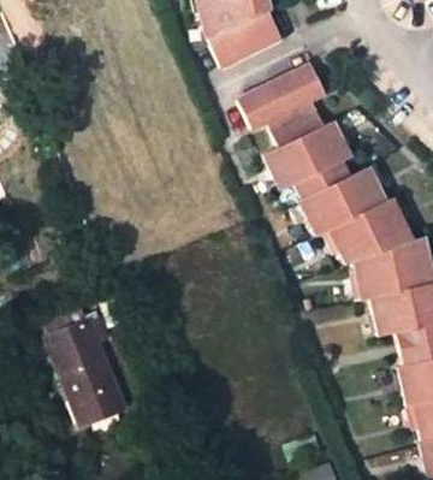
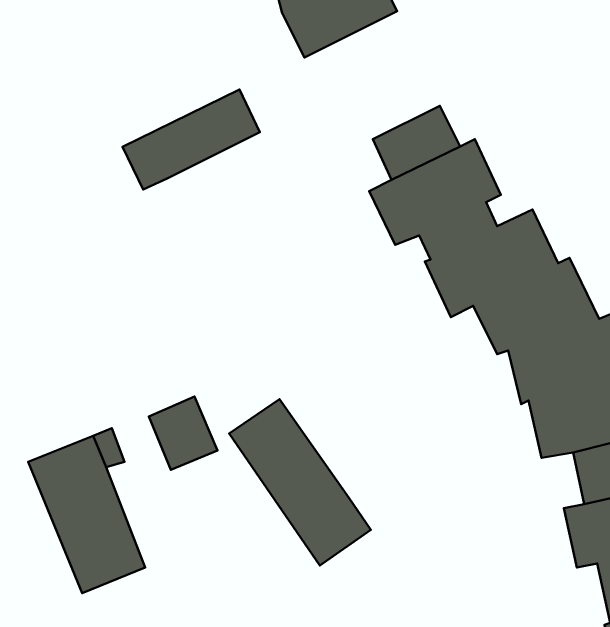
building: [238,65,327,130] -> [123,90,260,190]
building: none -> [149,397,217,470]
building: none -> [229,399,371,566]

